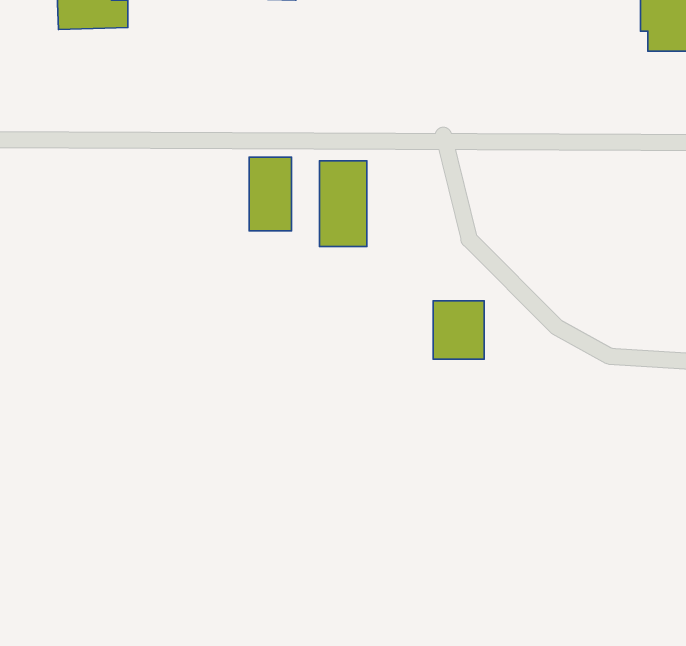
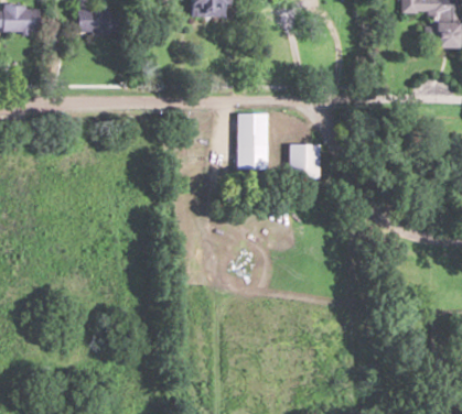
building: [249,157,291,231] -> none
building: [433,301,484,359] -> [289,143,320,178]

